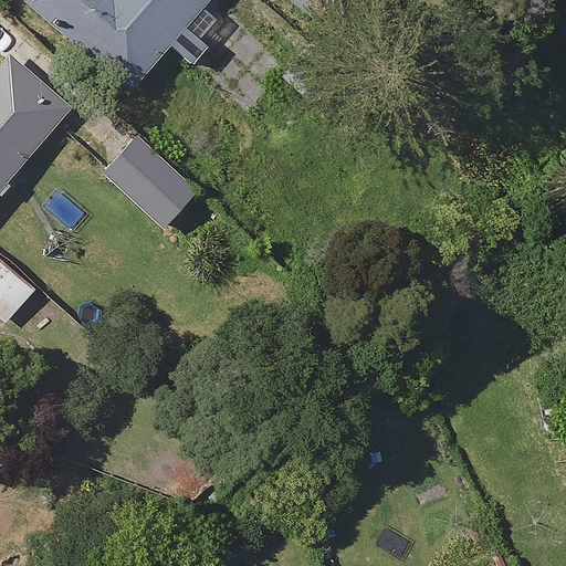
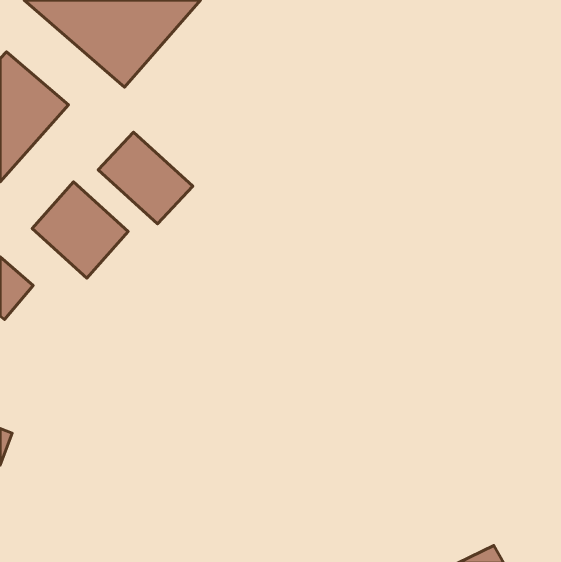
building: none -> [32,182,128,278]

